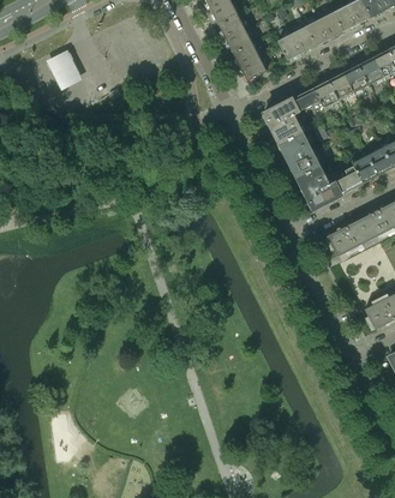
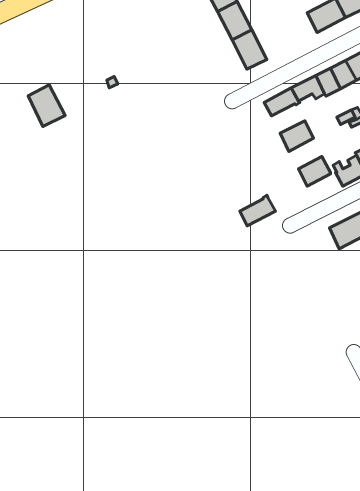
building: [277,26,315,60] -> none
building: [47,48,83,89] -> [28,85,65,127]
building: [270,115,303,144] -> none
building: [287,149,319,179] -> none
building: [305,180,340,210] -> [240,195,275,226]

